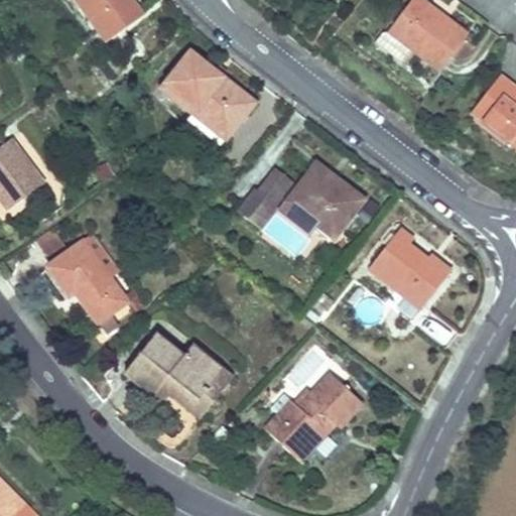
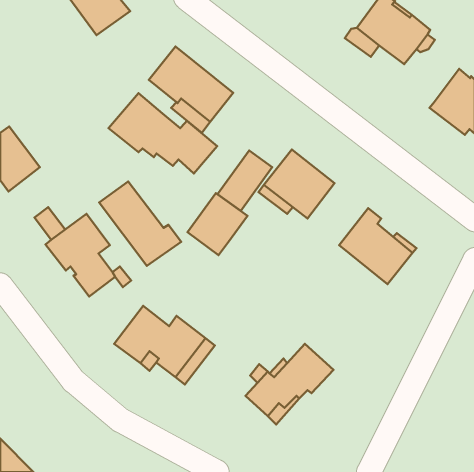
building: none -> [109,93,217,173]
building: none -> [99,181,181,266]
building: none -> [188,193,248,255]

